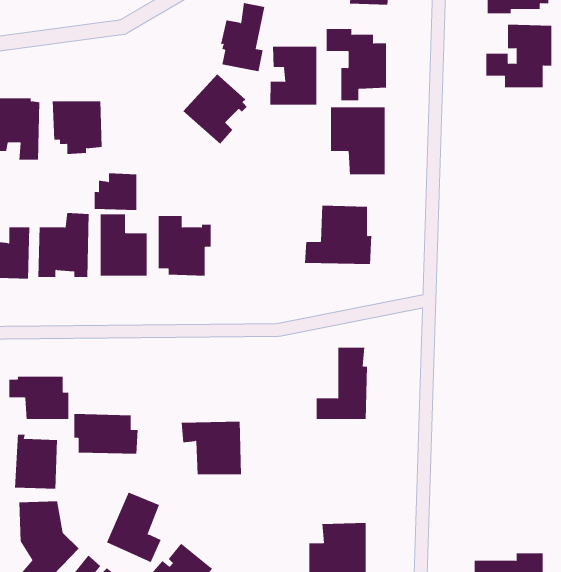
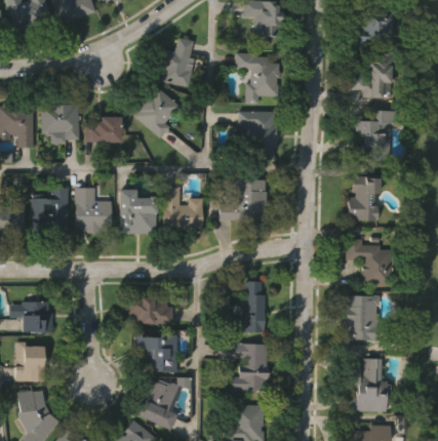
building: [270,46,317,105] -> none
building: none -> [345,107,396,156]
building: [94,173,137,210] -> [89,117,120,144]
building: none -> [349,177,381,222]
building: none -> [161,186,202,228]
building: none -> [347,238,392,285]
building: none -> [347,294,394,338]
building: [73,414,139,454] -> [126,295,172,324]
building: none -> [218,342,266,390]
building: none -> [345,357,392,410]
building: [106,492,161,563] -> [141,380,180,431]

